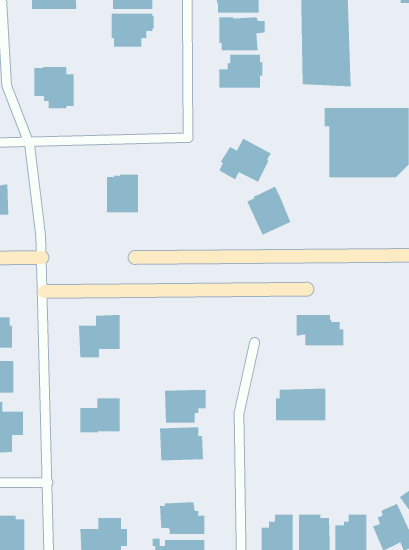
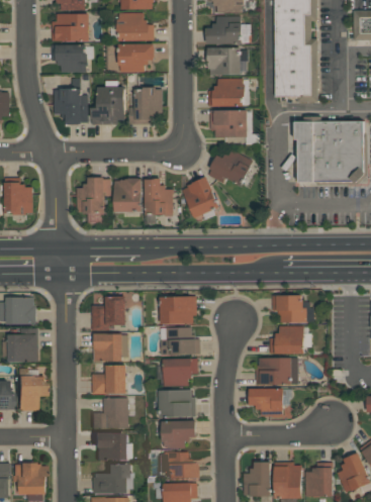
building: none -> [51,43,88,72]
building: none -> [90,80,123,123]
building: none -> [127,87,162,119]
building: none -> [209,110,247,136]
building: none -> [76,177,110,222]
building: none -> [145,178,172,215]
building: [247,186,291,235] -> [181,176,218,217]
building: none -> [159,296,195,323]
building: none -> [269,325,310,354]
building: none -> [160,327,200,355]
building: none -> [92,333,127,361]
building: none -> [249,388,292,416]
building: none -> [90,397,127,429]
building: none -> [161,420,195,448]
building: none -> [92,433,129,460]

